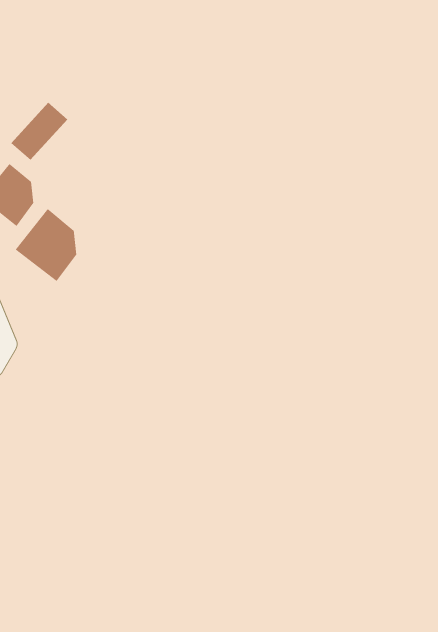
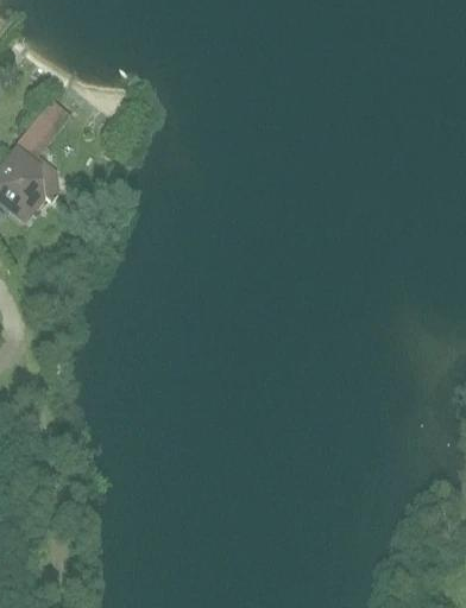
building: [15,208,77,282] -> none

